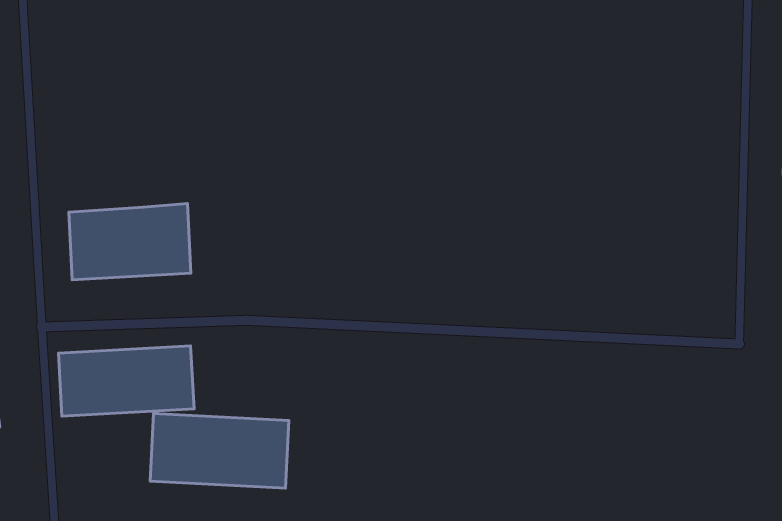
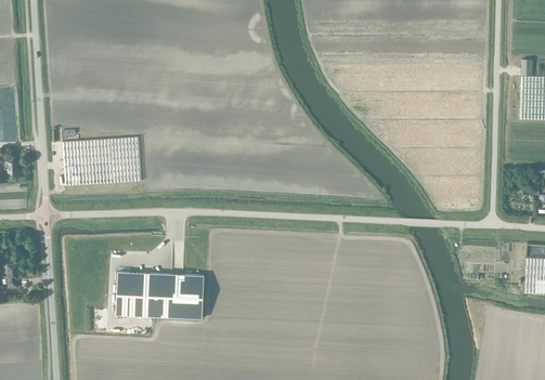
building: [58,346,194,416] -> none

